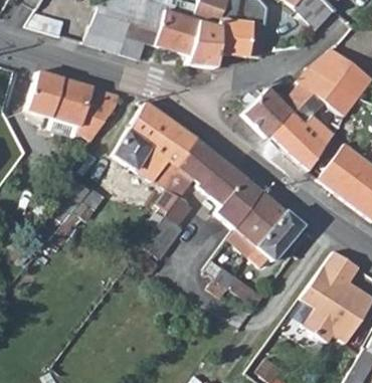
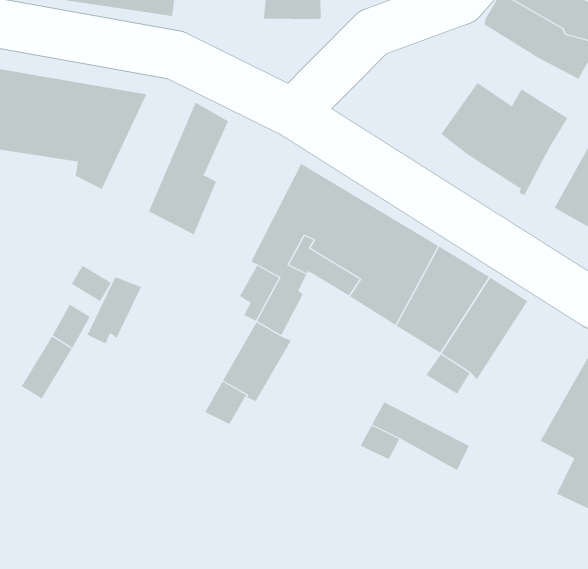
building: [243,81,325,137] -> none
building: [137,115,196,188] -> none

